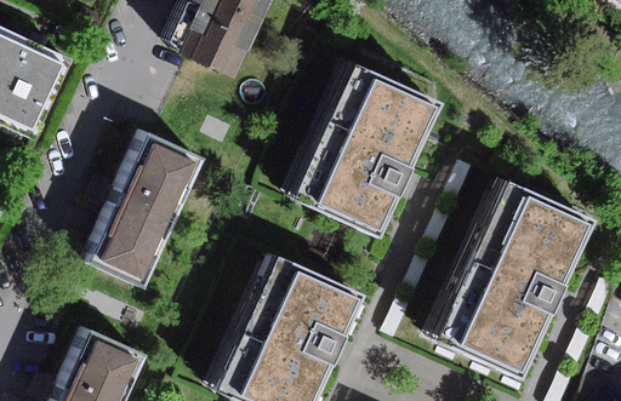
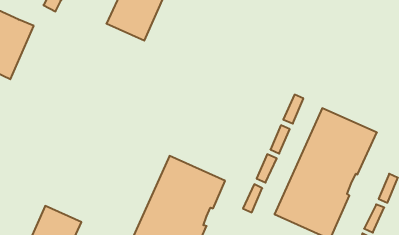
building: [289,62,434,234] -> none
building: [89,133,198,285] -> none

